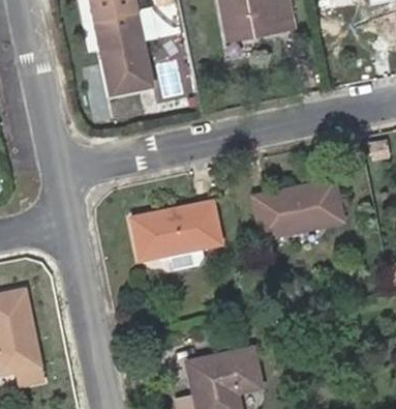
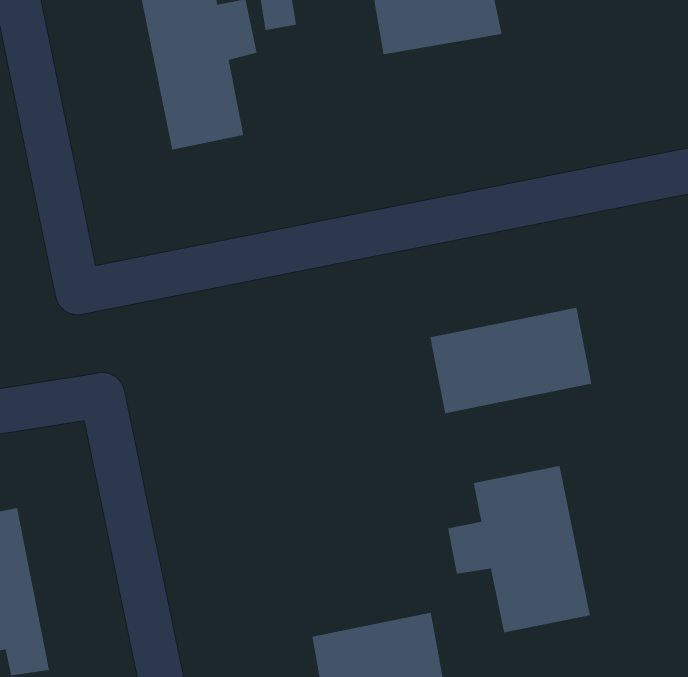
building: [131,202,219,271] -> none
building: none -> [447,465,590,633]

